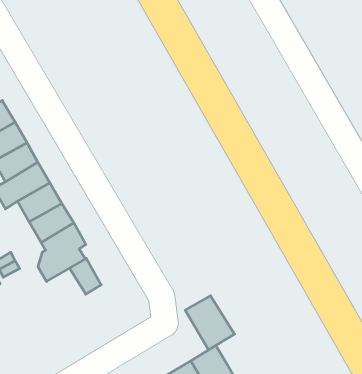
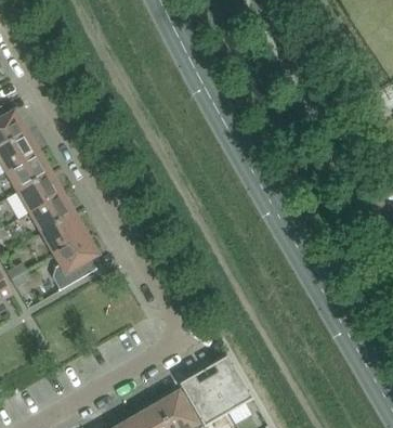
building: [70,258,101,294] -> none
building: [185,296,235,350] -> none

